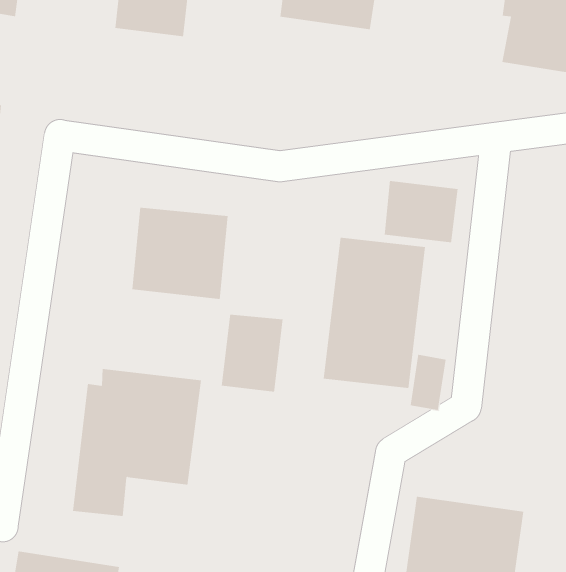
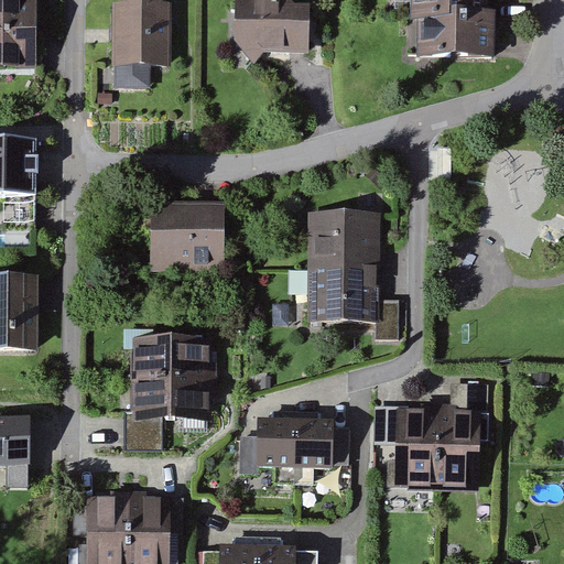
building: [384,180,458,243] -> none
building: [221,314,283,393] -> none
building: none -> [242,412,350,468]

